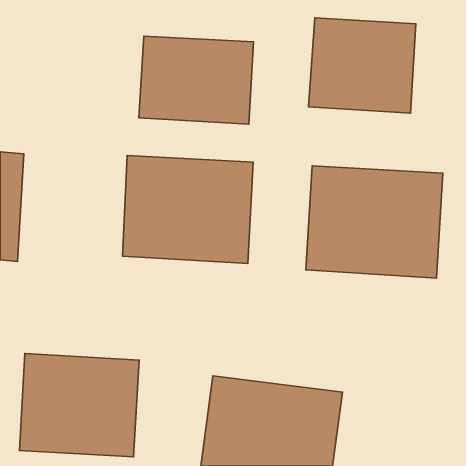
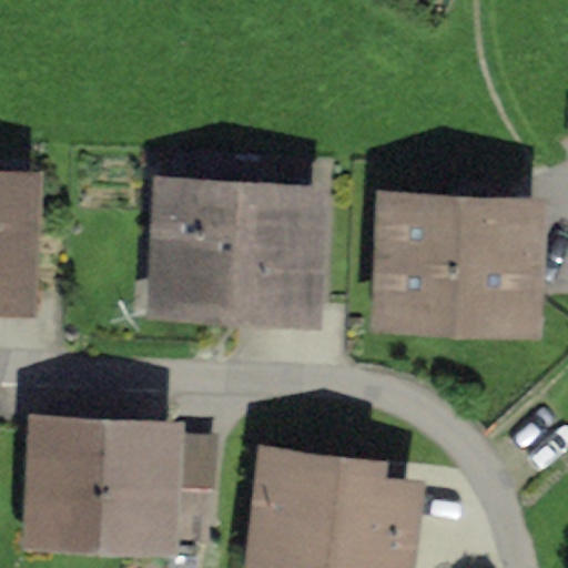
building: [309,18,416,113] -> none
building: [139,36,253,124] -> none

